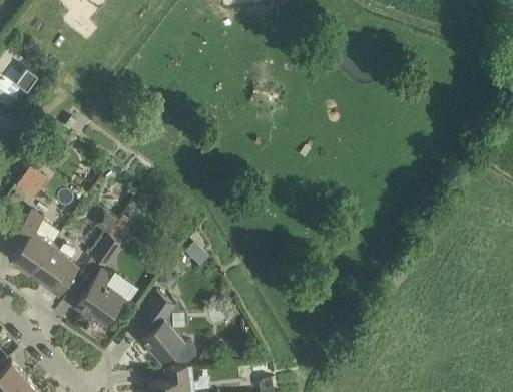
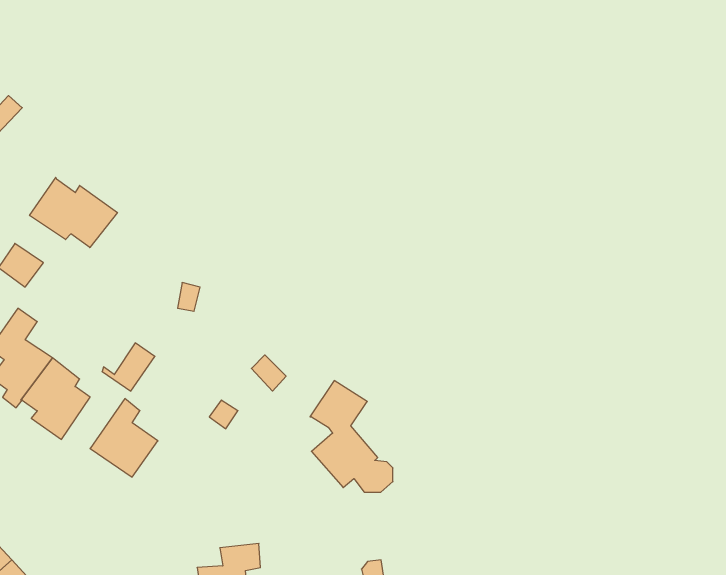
building: none -> [30,177,117,248]
building: [139,292,194,366] -> [310,381,393,492]

